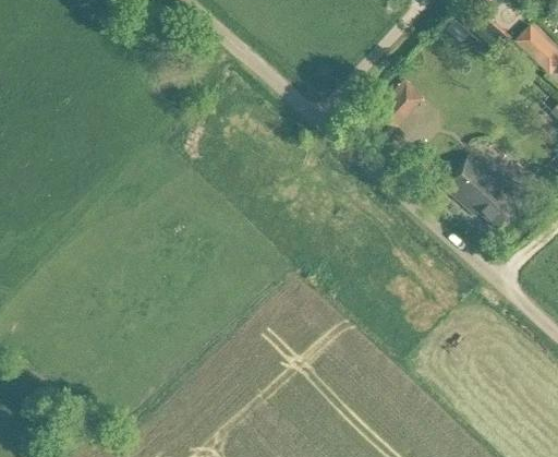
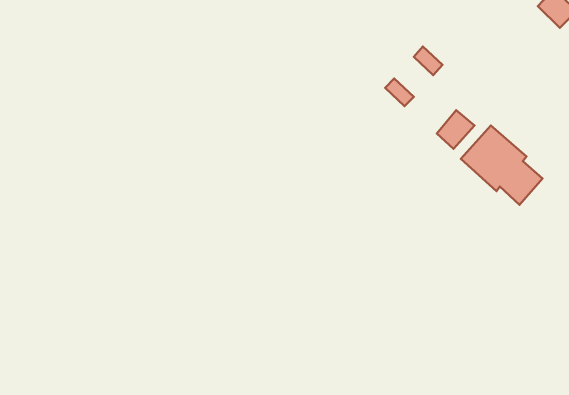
building: none -> [437,110,474,149]

